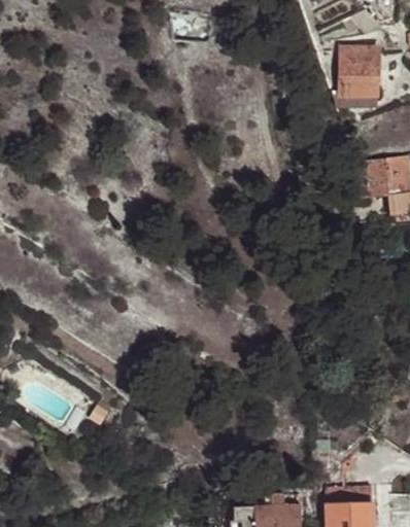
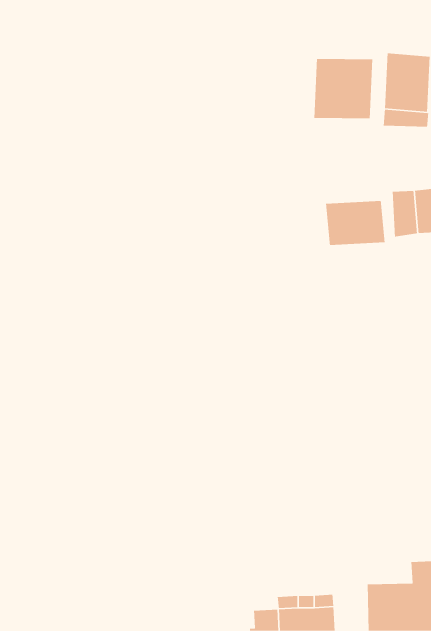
building: none -> [314,58,373,119]
building: none -> [325,200,386,246]

